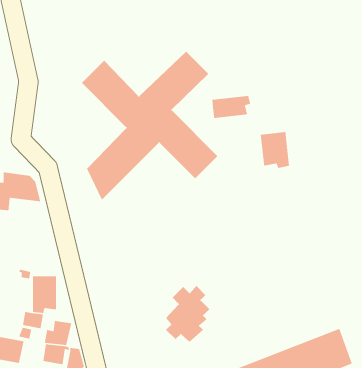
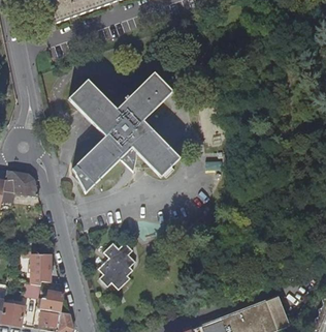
building: [211,95,251,119] -> none
building: [260,131,290,169] -> none
building: [165,285,210,342] -> [100,241,136,288]

